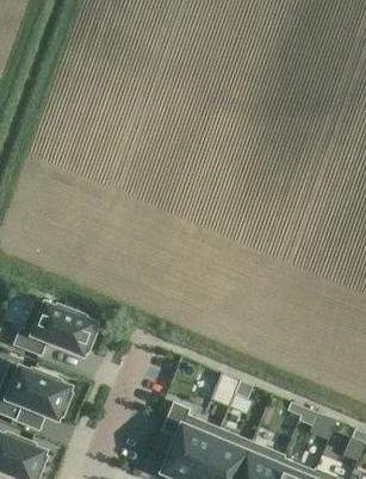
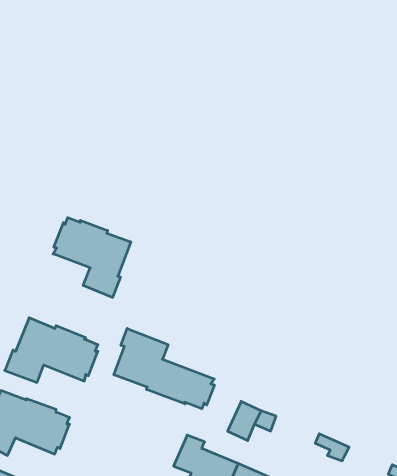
building: none -> [53,218,131,297]
building: none -> [114,328,214,409]

